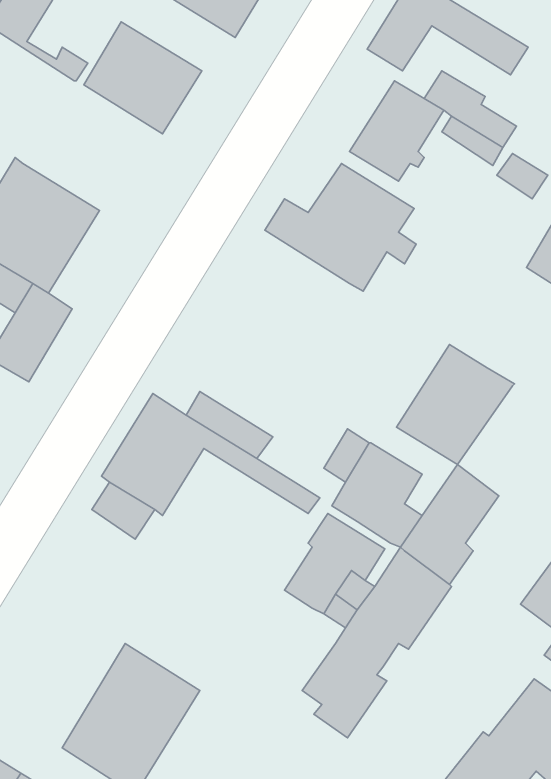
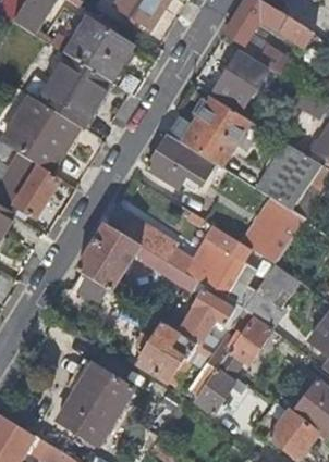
building: none -> [34,50,111,126]
building: none -> [146,133,215,190]
building: none -> [256,142,321,209]
building: none -> [137,322,194,383]

